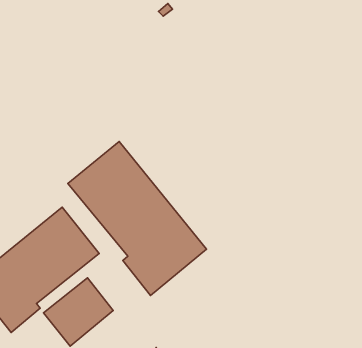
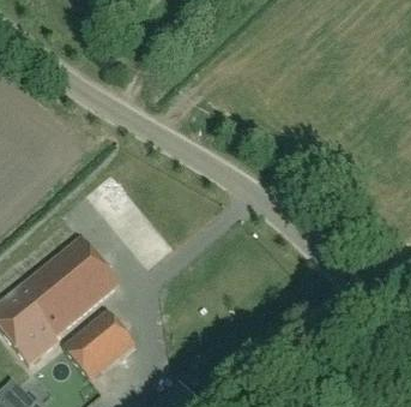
building: [68,141,207,296] -> none

